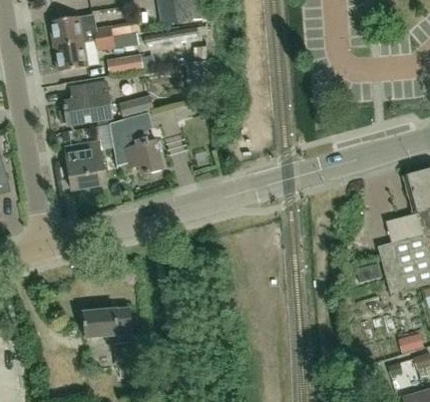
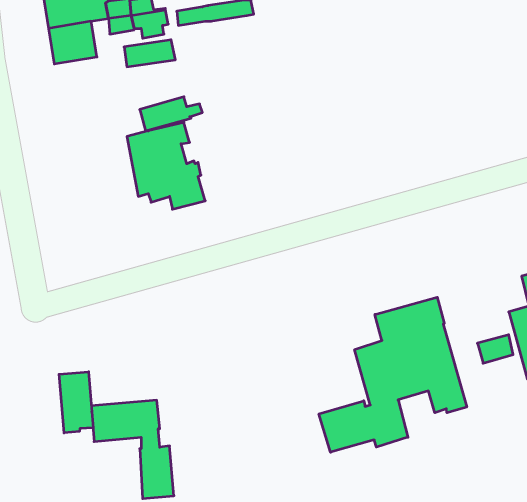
building: [61,80,112,124] -> none
building: [65,140,109,189] -> none
building: none -> [319,297,467,452]
building: none -> [59,372,93,433]

